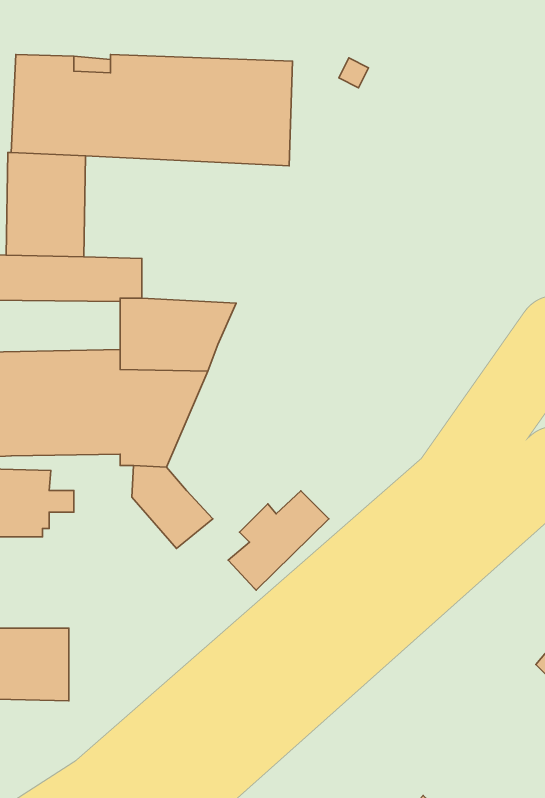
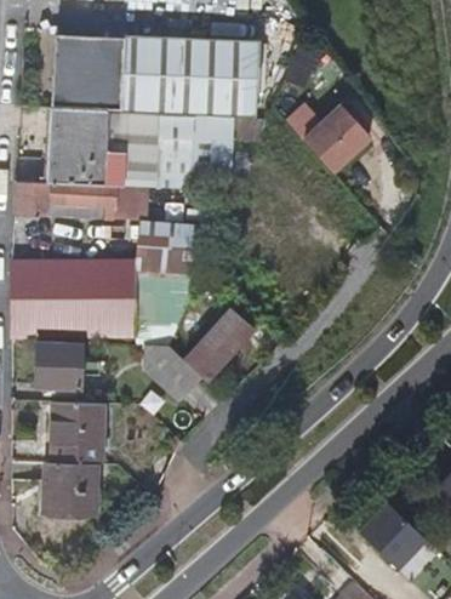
building: none -> [296,103,360,167]
building: none -> [107,107,285,190]
building: [228,491,329,590] -> [182,308,256,381]
building: none -> [52,398,99,460]
building: none -> [359,504,424,570]

